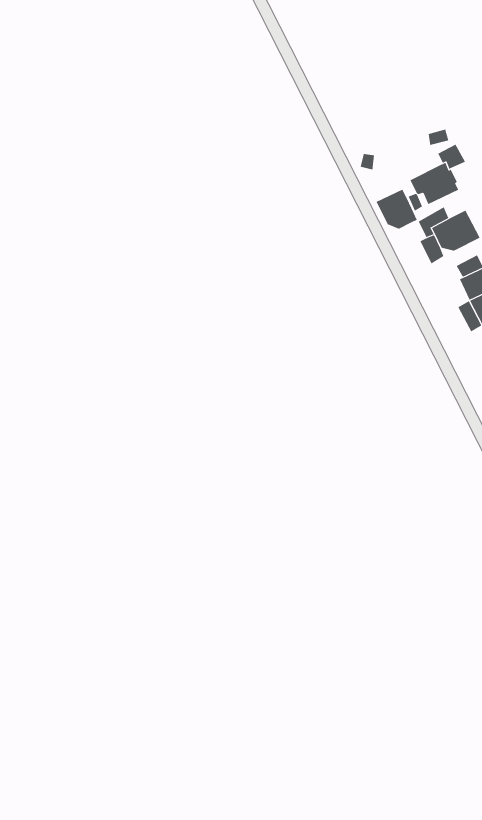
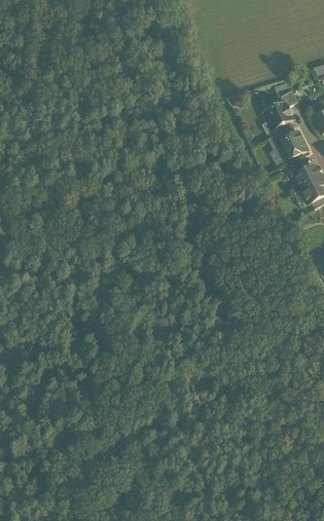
building: [376,189,417,229] -> none

